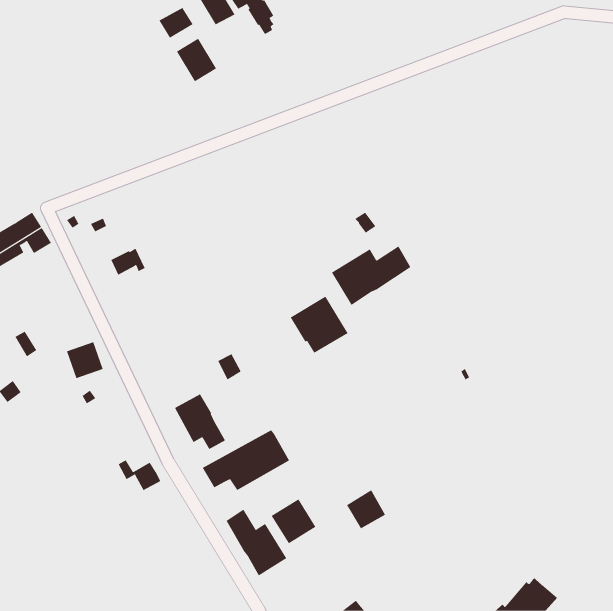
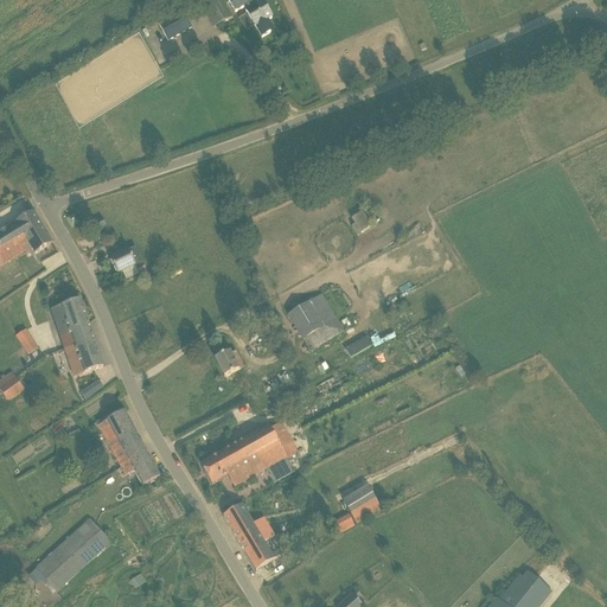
building: [176,38,217,82] -> none
building: [331,246,411,306] -> none
building: none -> [51,298,92,346]
building: [174,393,226,450] -> [97,409,148,465]
building: [271,499,316,544] -> none
building: none -> [34,516,110,589]

